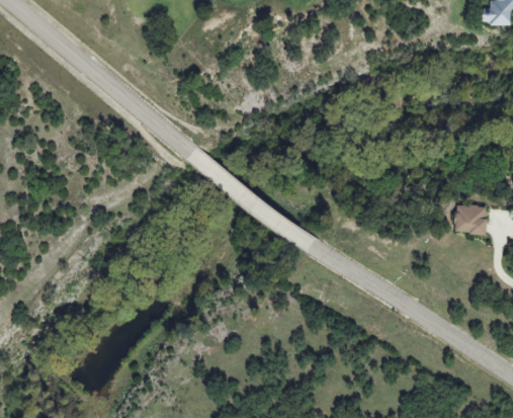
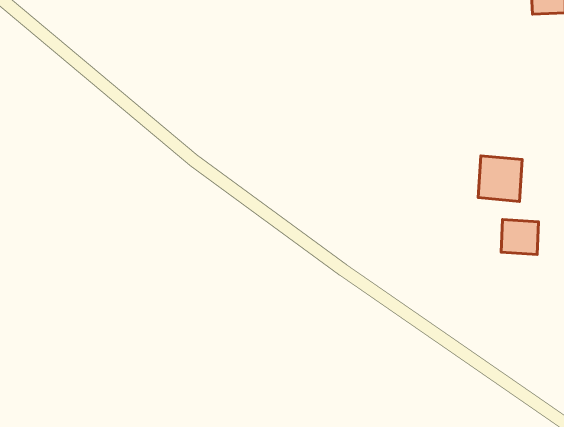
building: none -> [478,156,522,201]

